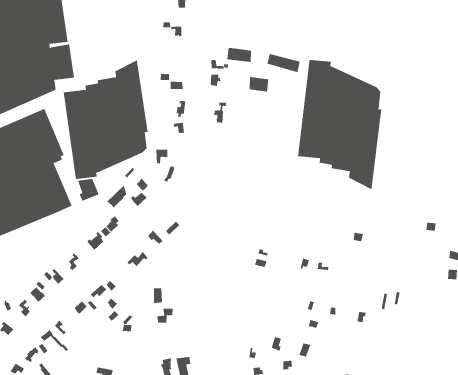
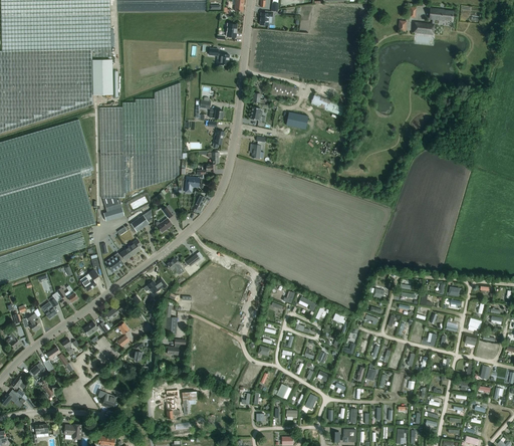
building: [297,59,382,190] -> none

